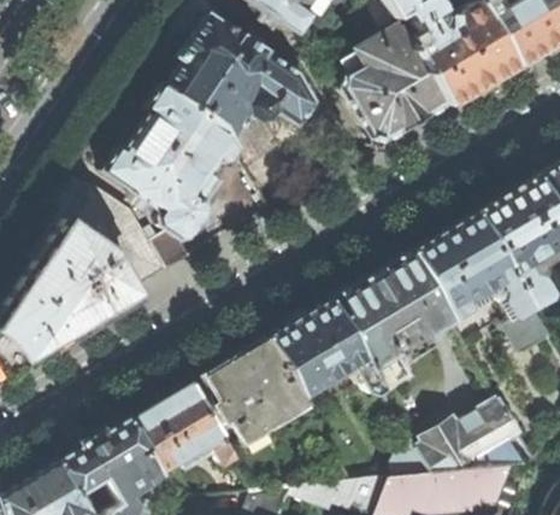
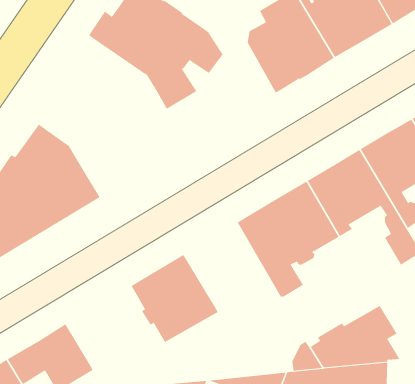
building: [110,86,243,271] -> none
building: [273,302,388,397] -> none
building: [134,385,240,473] -> none

